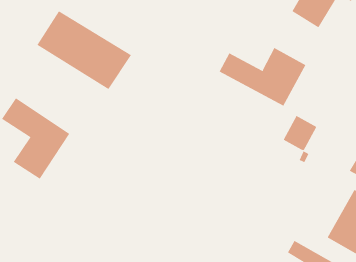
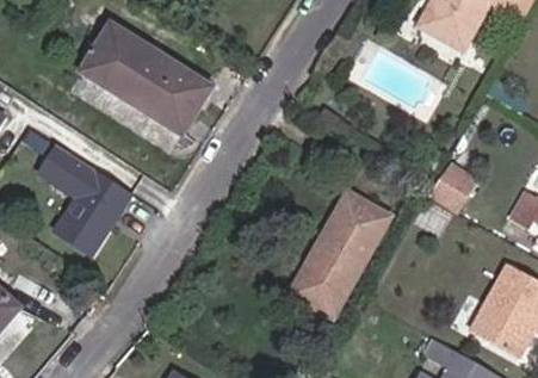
building: [219,47,306,106] -> none
building: none -> [293,197,394,320]

